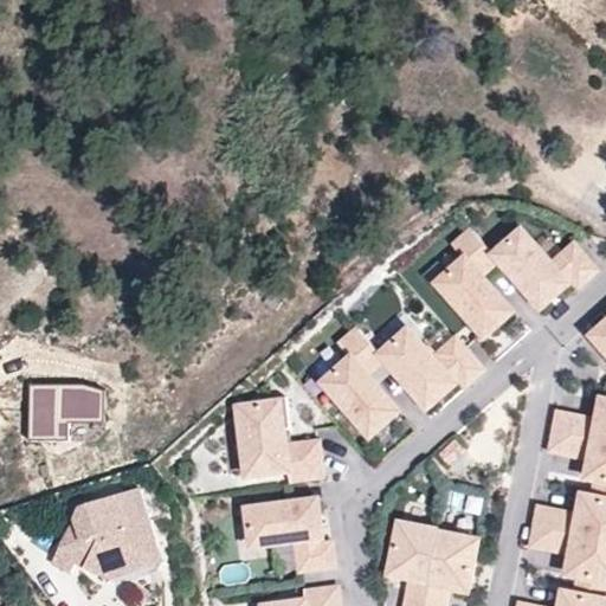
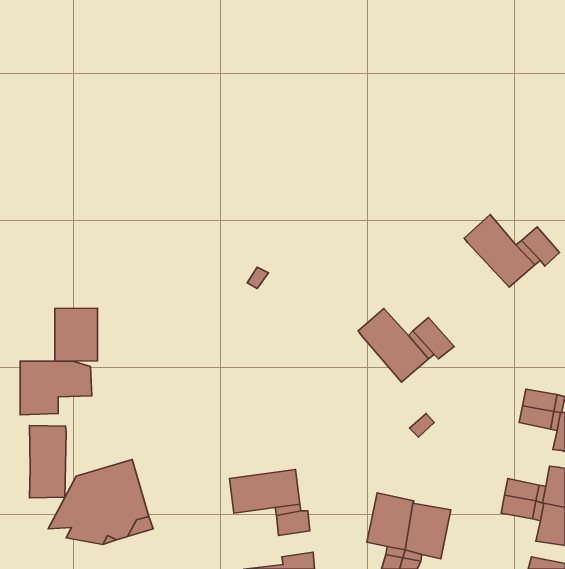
building: [434,227,509,334] -> none
building: [322,325,397,432] -> none
building: none -> [55,308,98,361]
building: [234,400,317,483] -> none
building: none -> [29,426,66,498]

